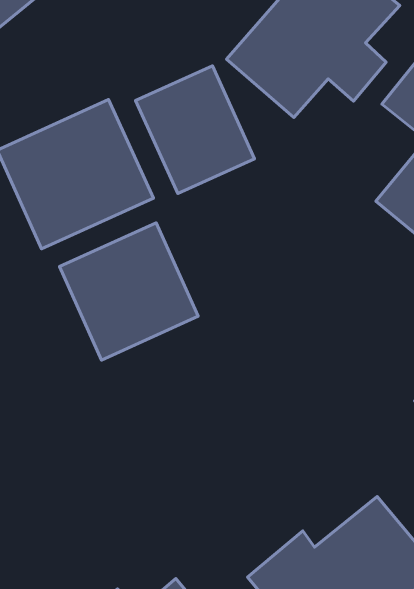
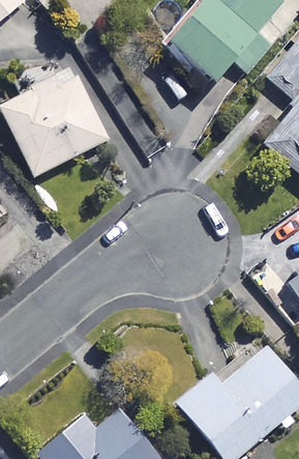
building: [136,66,255,193] -> none
building: [59,223,198,360] -> none

